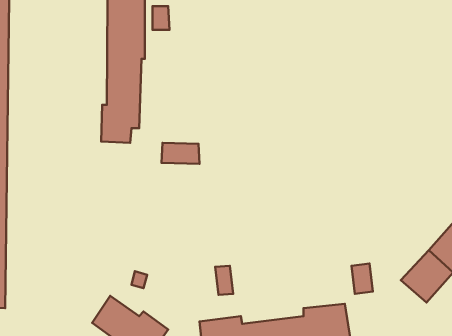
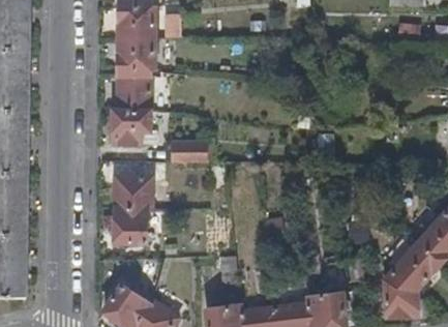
building: none -> [117,175,152,241]
building: none -> [384,270,417,317]

